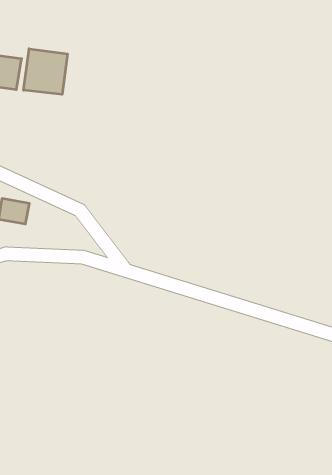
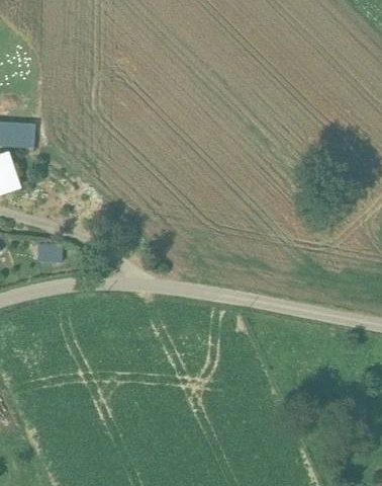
building: [24,49,67,94] -> none

